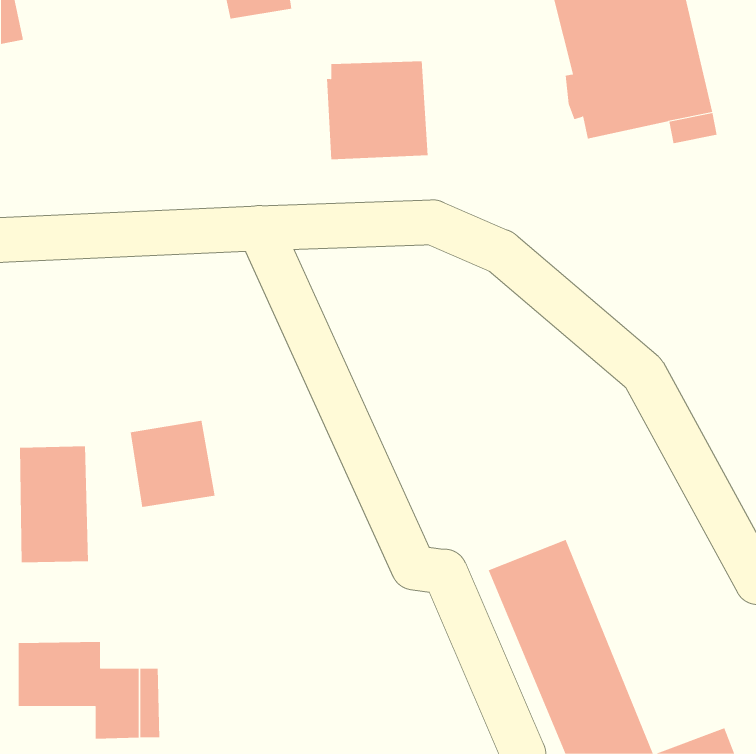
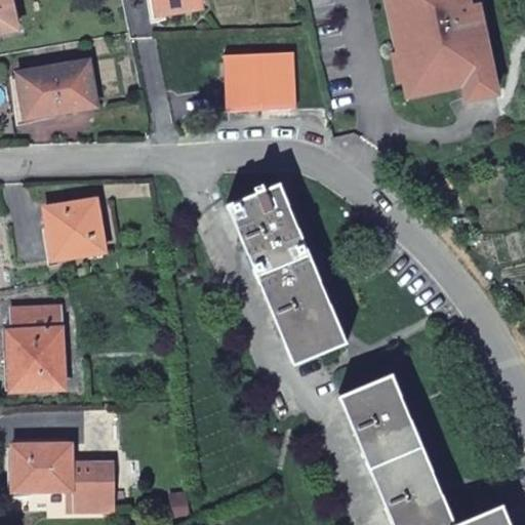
building: none -> [19,60,98,118]
building: none -> [228,185,346,363]
building: [130,420,216,508] -> [45,199,105,259]

